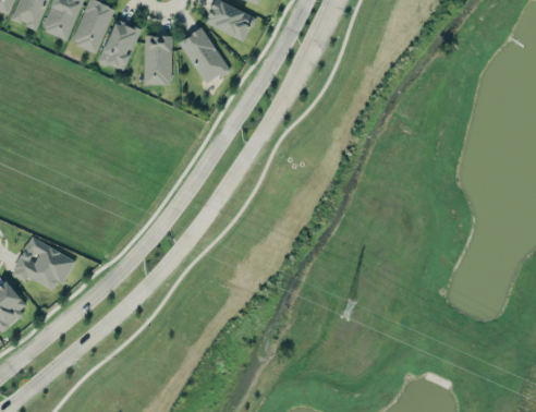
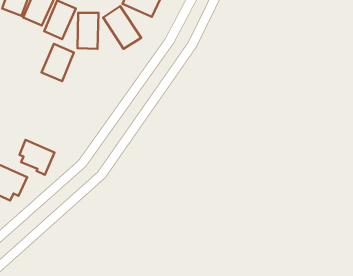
building: none -> [41,44,74,81]
building: none -> [19,140,54,175]

